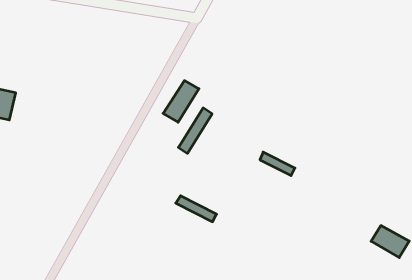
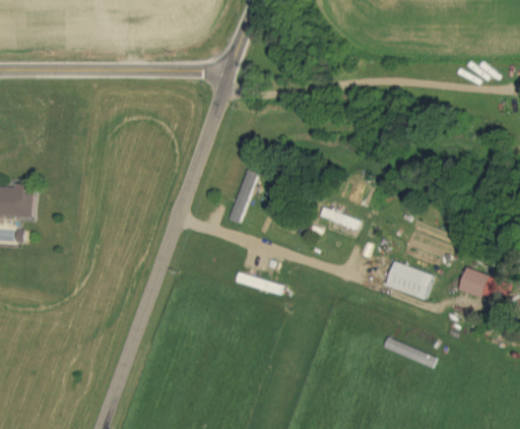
building: [163,81,199,122] -> none
building: none -> [387,261,434,300]

